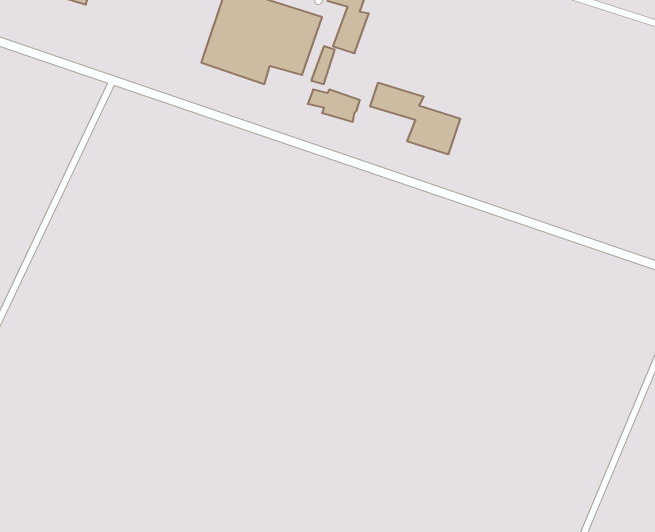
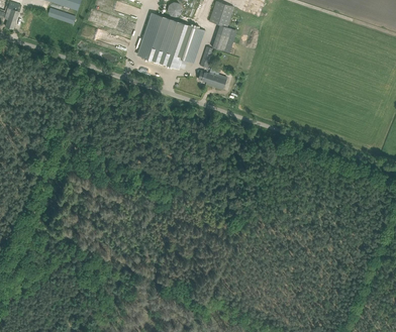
building: [370,83,460,154] -> none

